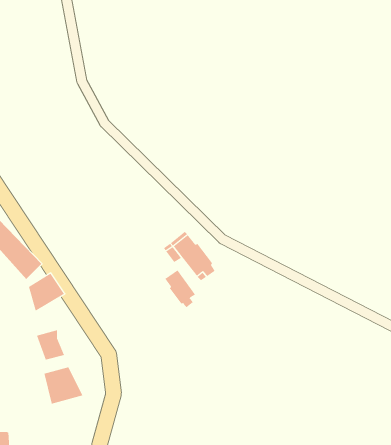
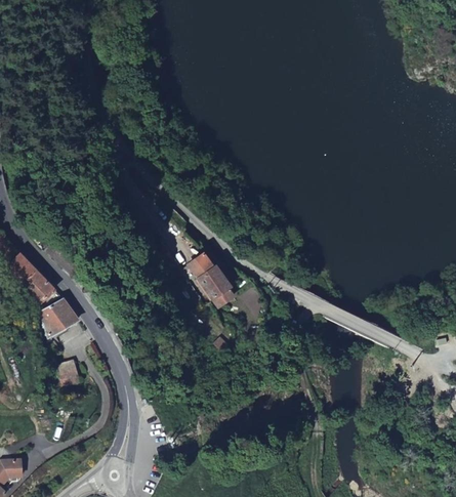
building: [165,269,196,308] -> none
building: [44,367,83,405] -> none

